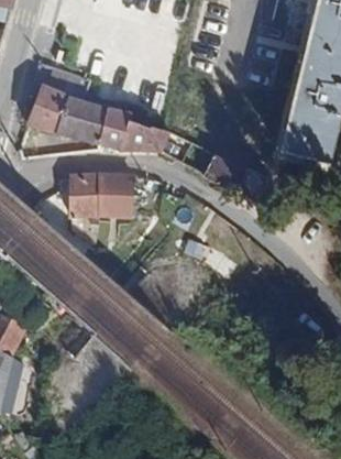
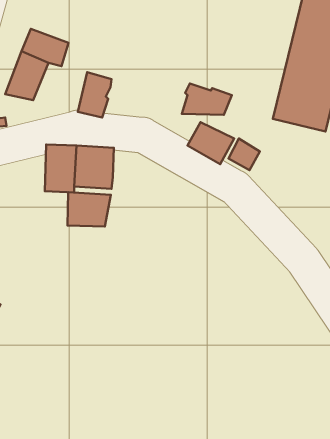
building: [55,98,106,144] -> none
building: [120,121,167,151] -> [182,83,232,115]
building: none -> [67,192,111,227]

